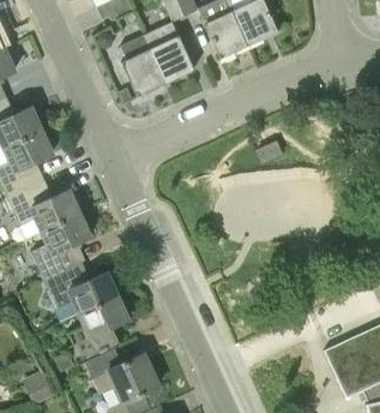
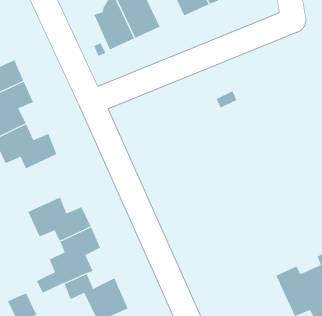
building: [30,214,90,279] -> none

